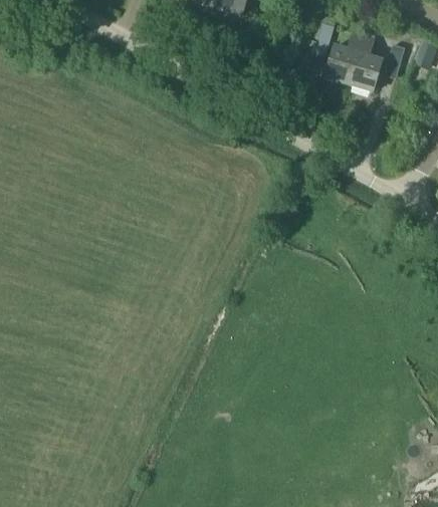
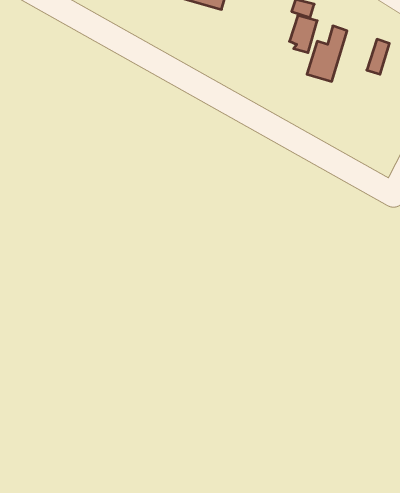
building: [350,36,383,92] -> none

